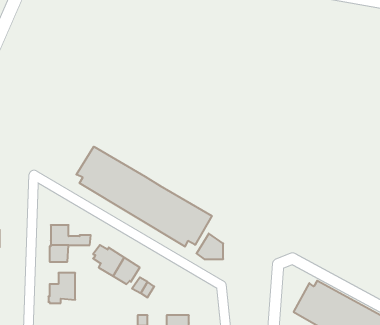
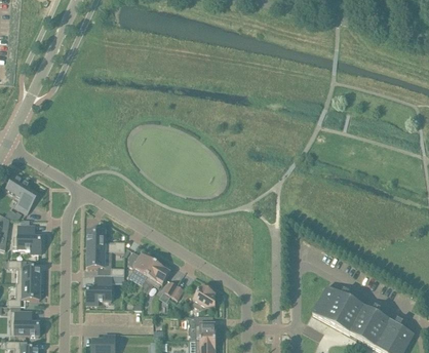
building: [76,147,212,247] -> none
building: [196,233,223,259] -> [191,284,216,308]

